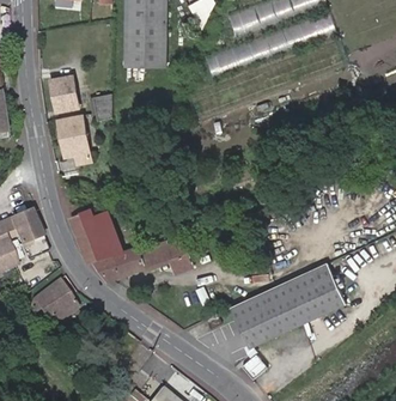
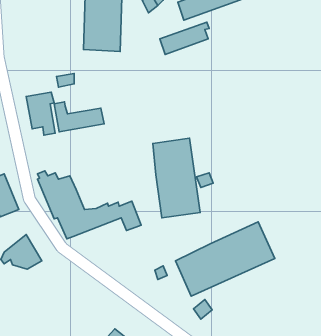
building: [50,75,77,111] -> none
building: none -> [54,102,104,132]
building: none -> [153,138,200,218]

